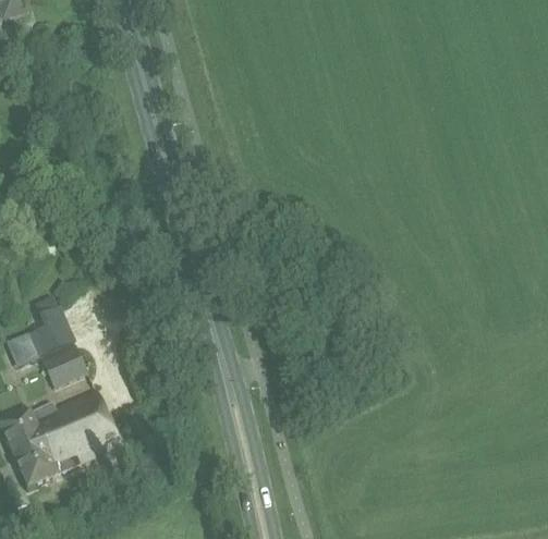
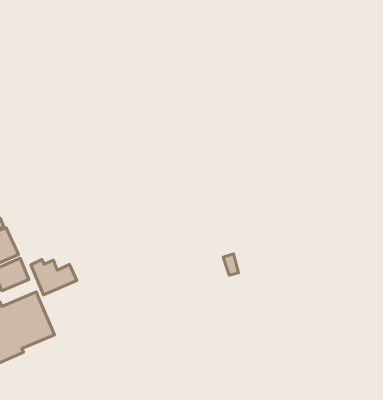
building: none -> [31,259,77,295]

